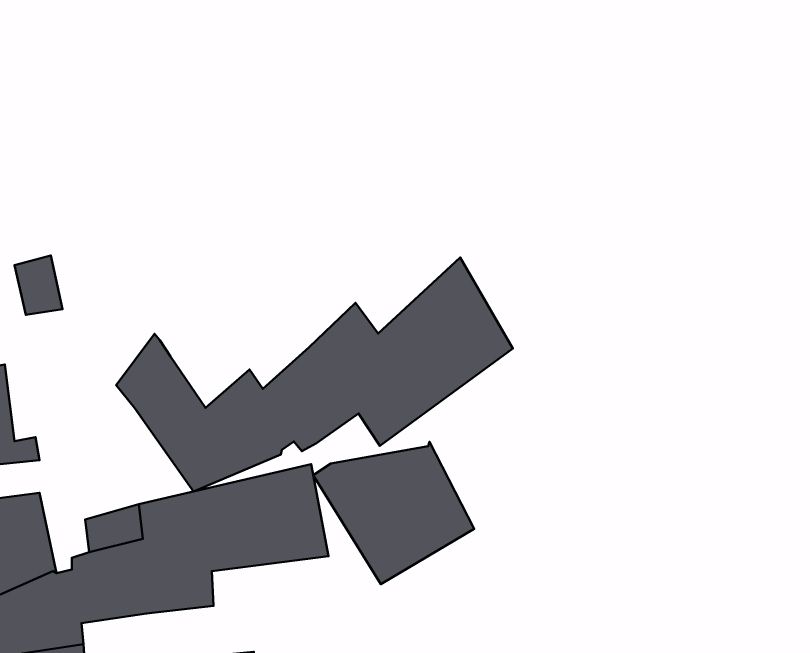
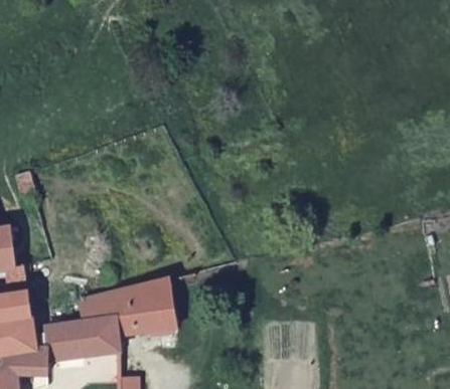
building: [116,257,513,492] -> none
building: [313,442,474,584] -> none

